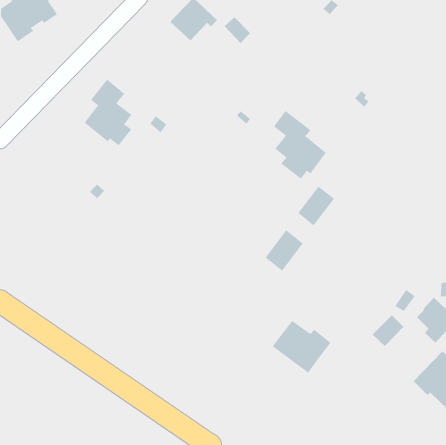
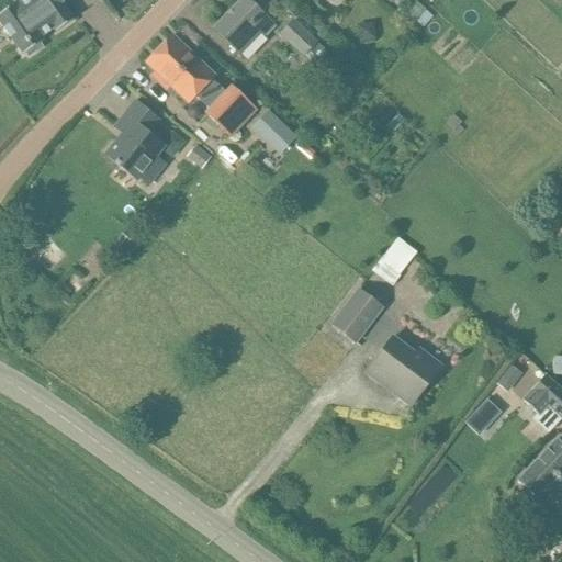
building: none -> [147,34,255,133]
building: none -> [252,109,296,145]
building: [273,110,327,180] -> none
building: [272,320,331,373] -> [367,336,441,403]

